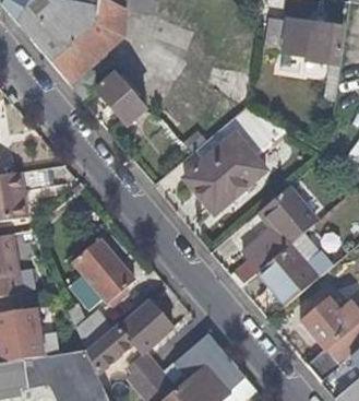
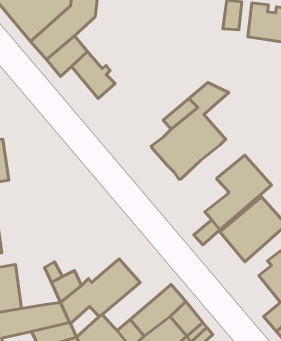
building: [74,239,134,308] -> none

